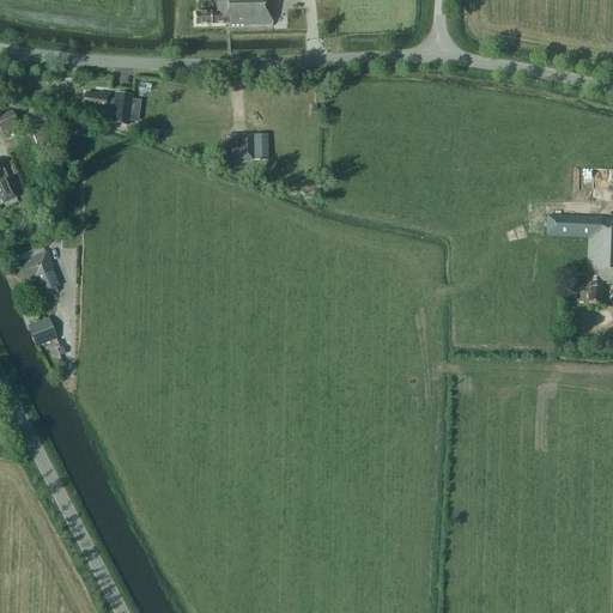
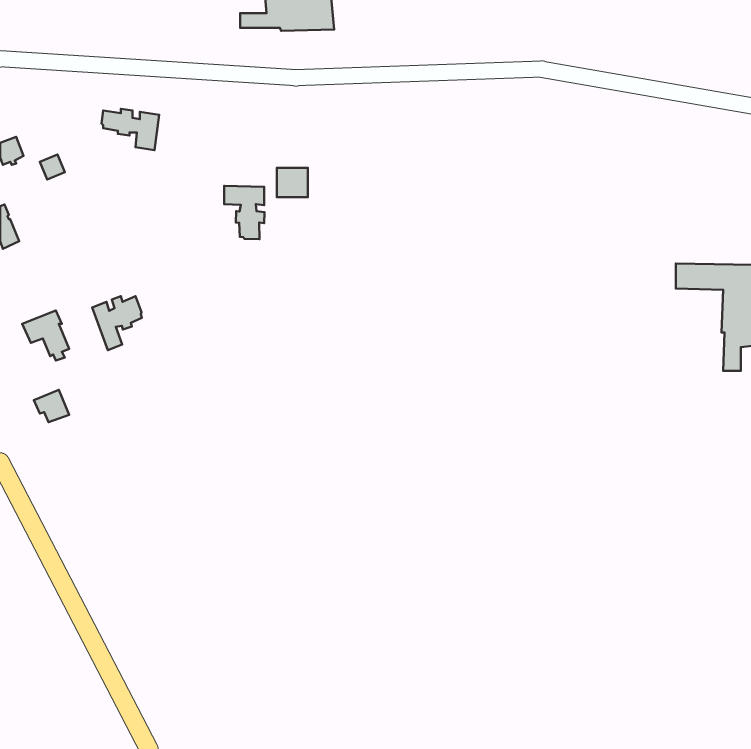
building: none -> [224,186,265,239]
building: none -> [92,296,142,350]

